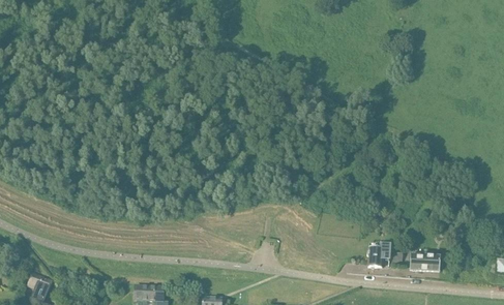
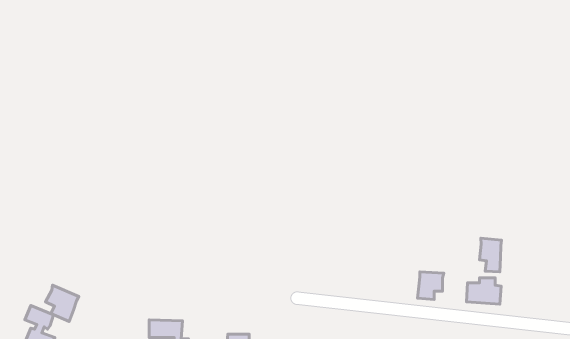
building: none -> [479,238,501,272]
building: none -> [46,285,79,321]

